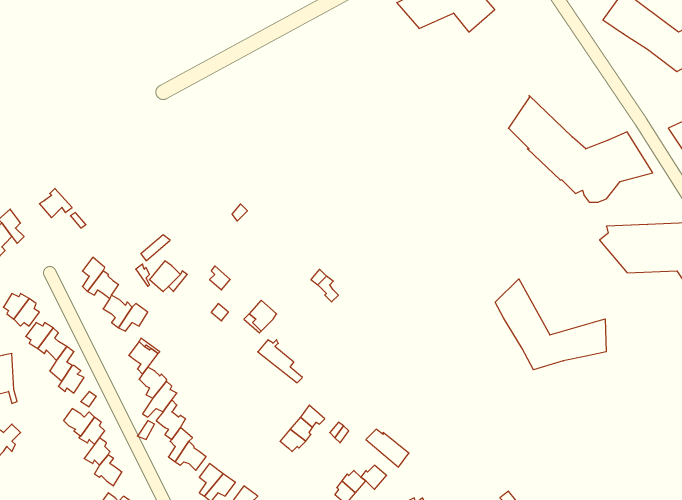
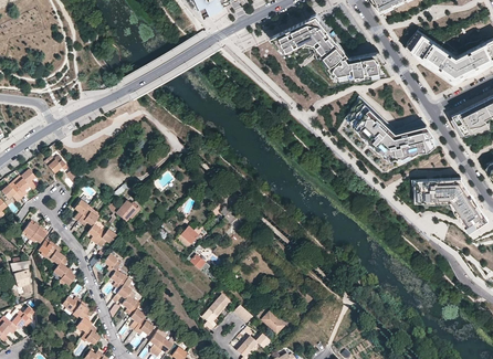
building: none -> [322,41,394,82]
building: [495,279,606,370] -> none

